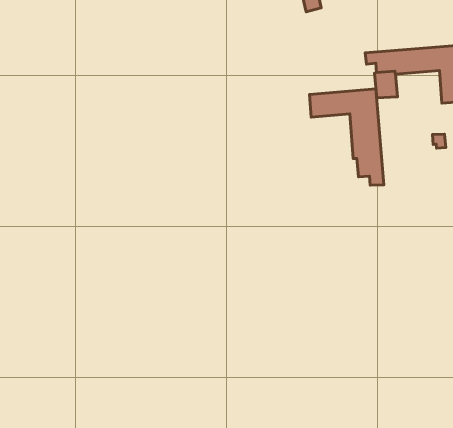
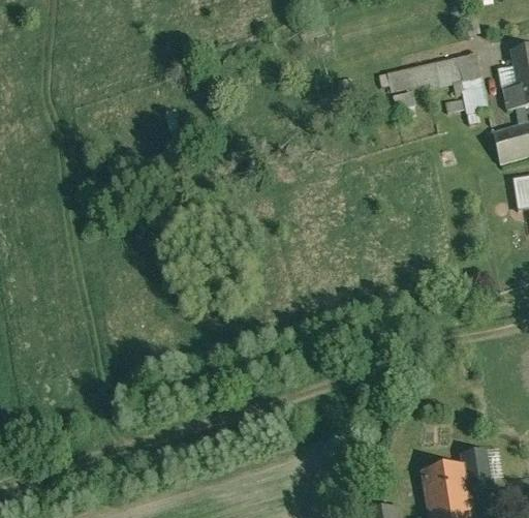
building: [310,89,384,185] -> none

